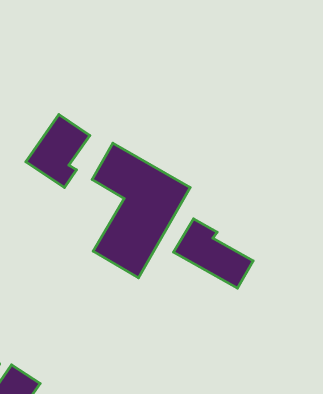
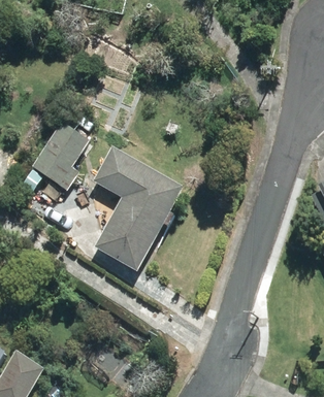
building: [173,219,253,288] -> none

